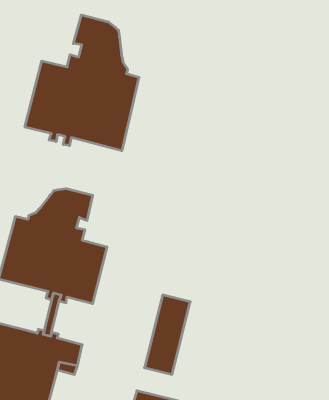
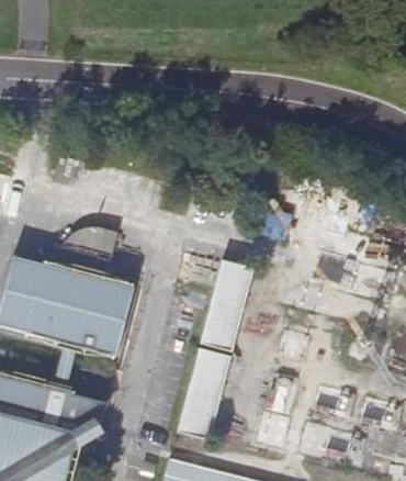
building: [25,15,139,151] -> none
building: none -> [199,260,252,350]

